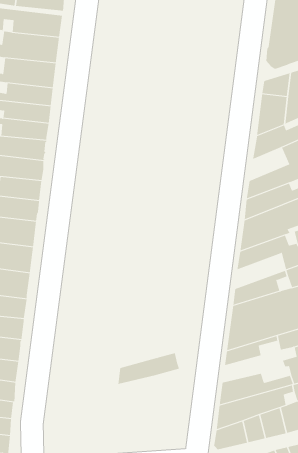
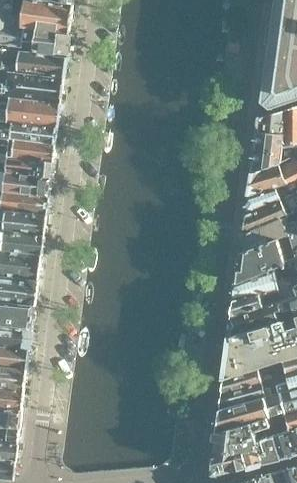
building: none -> [244,183,282,215]
building: none -> [230,285,279,319]
building: [117,352,180,385] -> [218,378,278,409]

